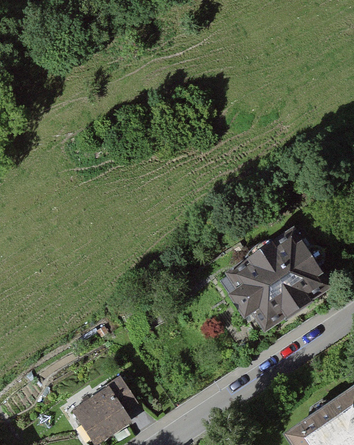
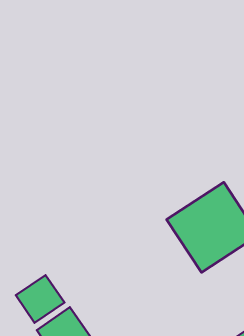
building: none -> [16,275,64,323]

